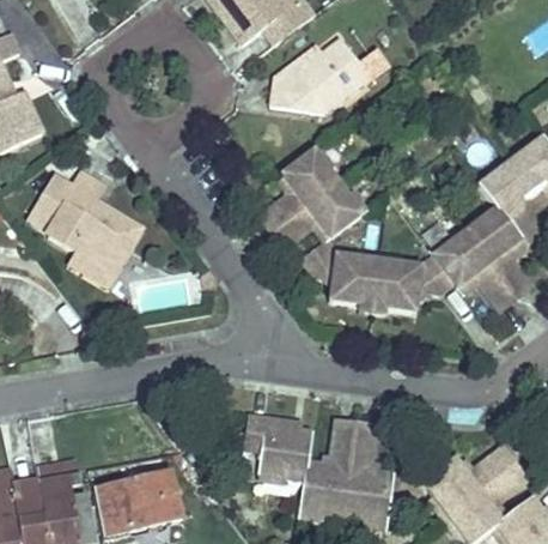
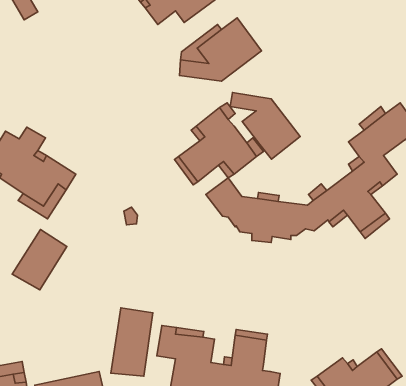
building: none -> [230,92,300,159]
building: none -> [12,229,67,290]
building: none -> [111,308,153,376]

